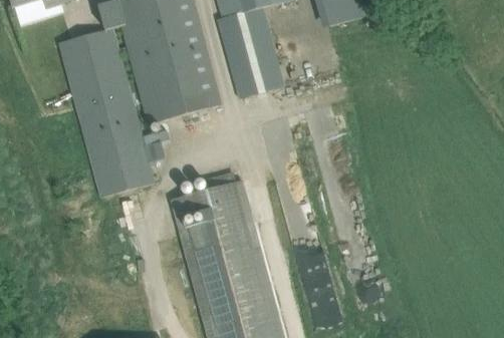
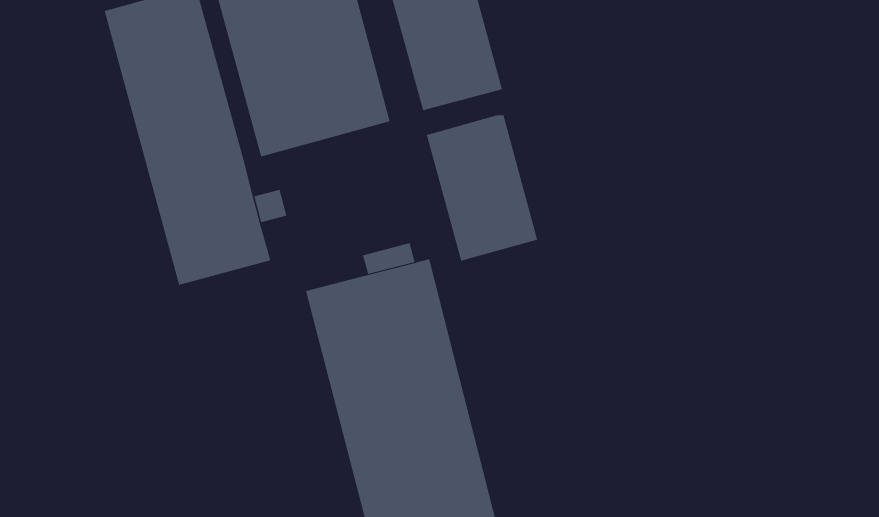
building: none -> [426,114,538,262]

